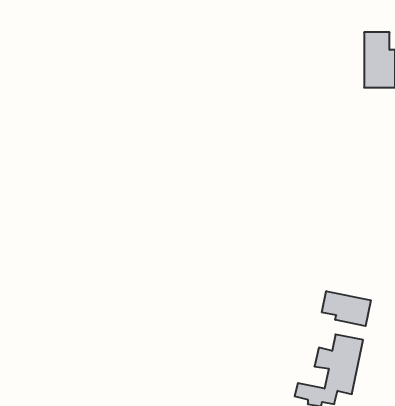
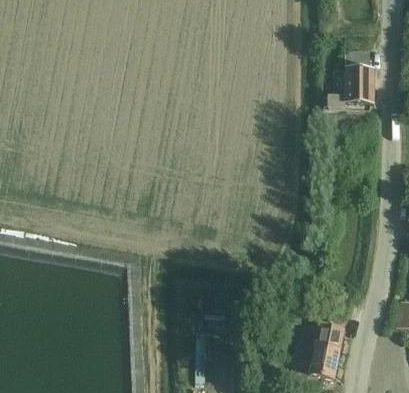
building: [322,291,371,326] -> none

